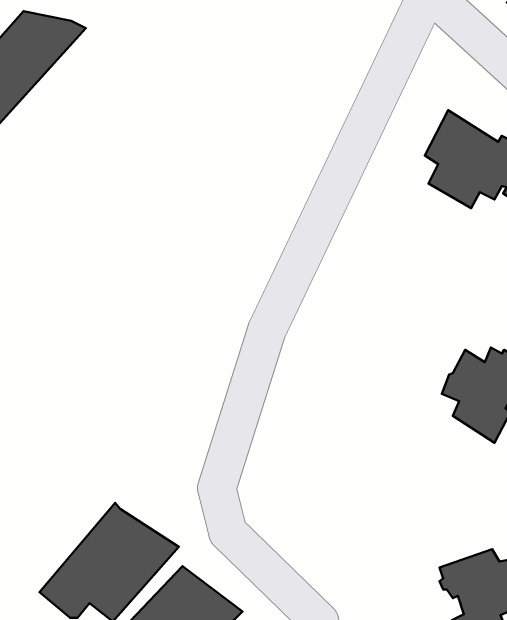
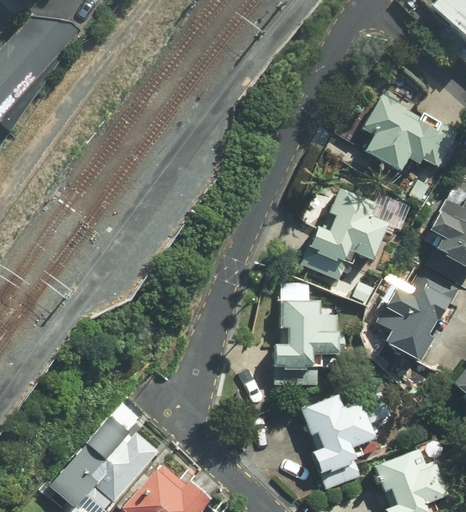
building: none -> [303,189,389,281]
building: none -> [275,299,350,371]
building: none -> [299,393,389,474]

